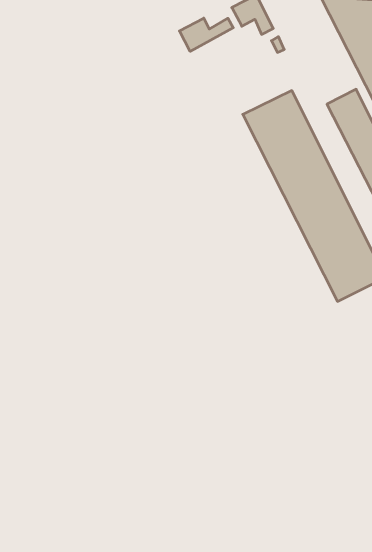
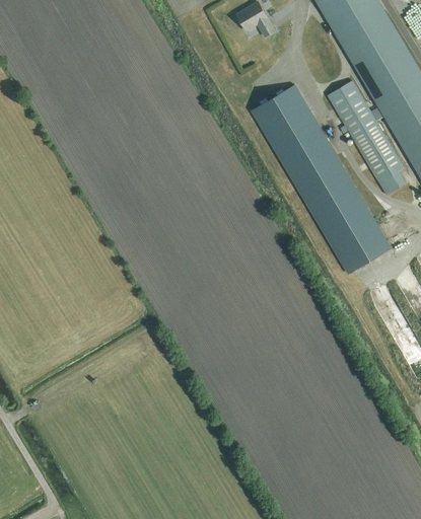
building: [179,18,233,51] -> none

